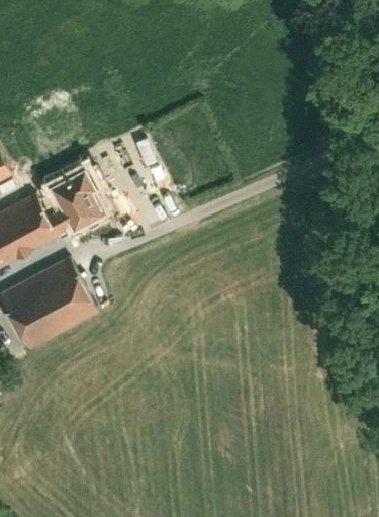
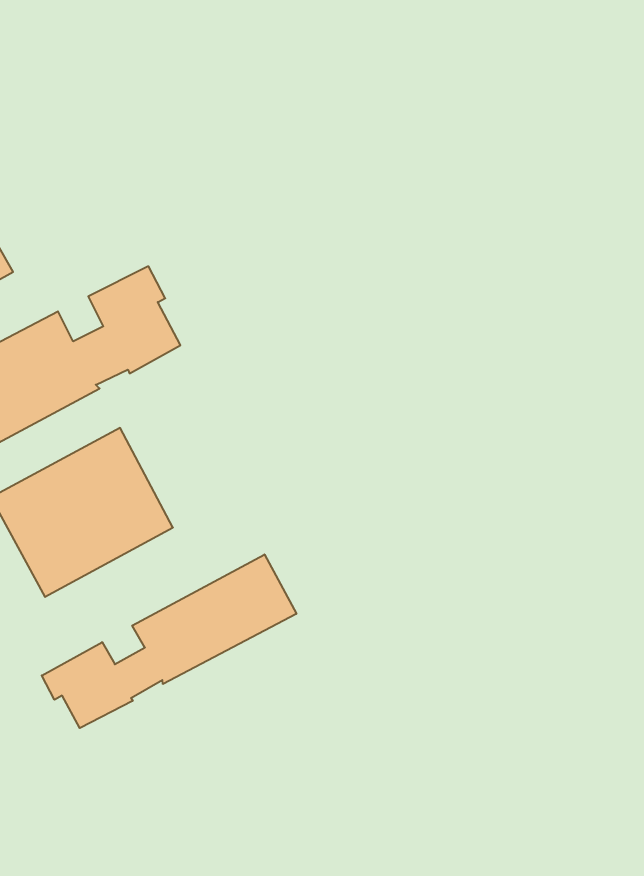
building: none -> [42,554,296,728]

